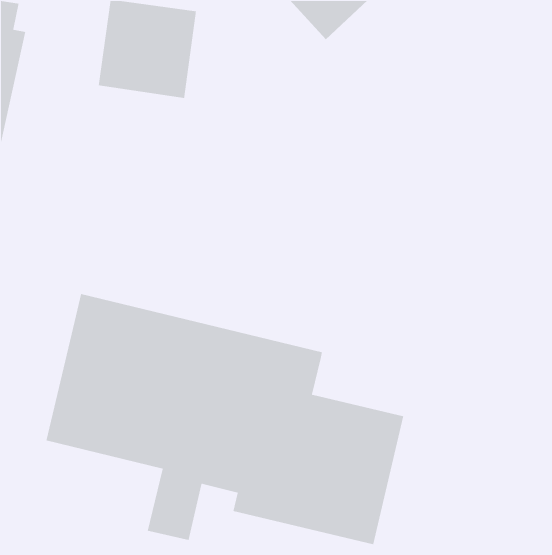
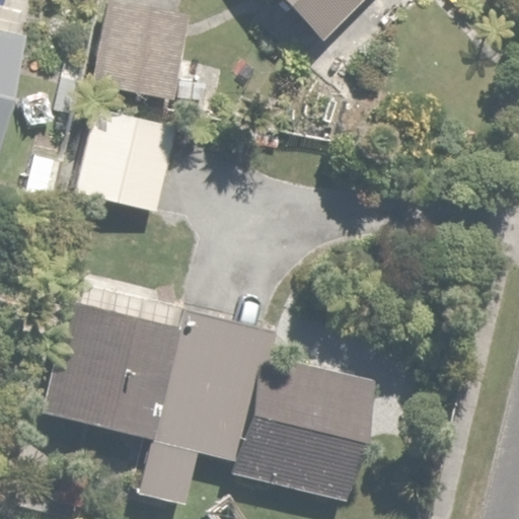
building: none -> [72,112,178,211]

